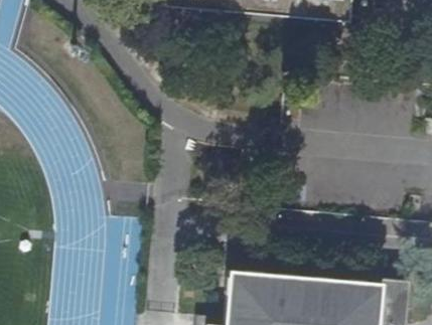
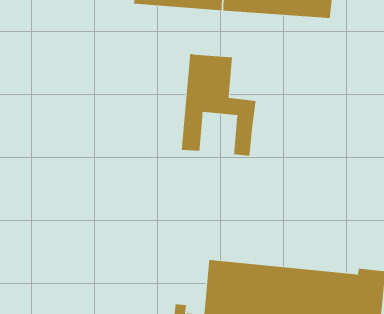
building: none -> [181,53,256,157]

